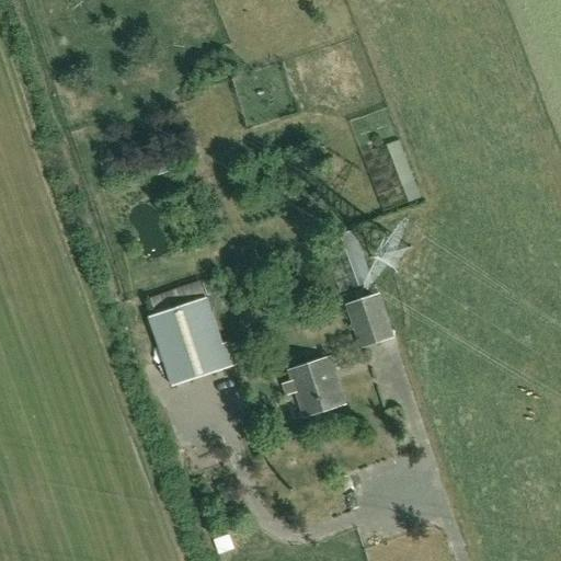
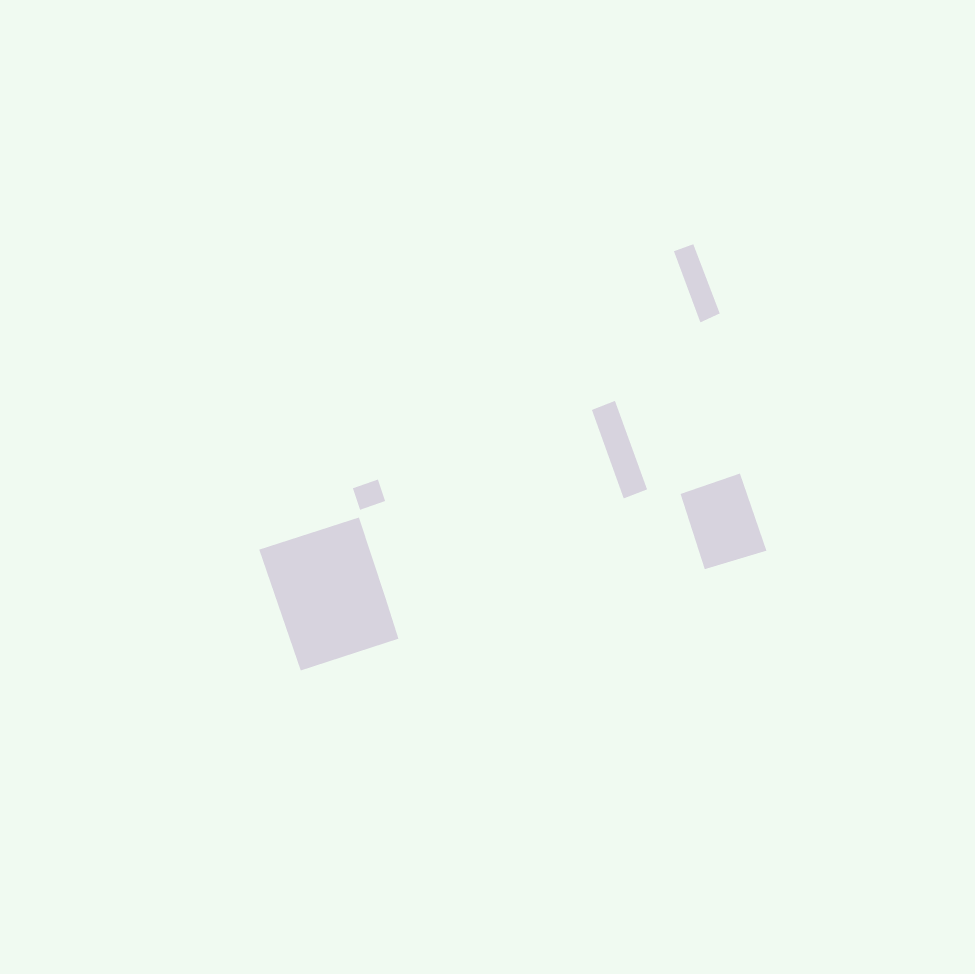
building: [345,291,396,347] -> [679,473,767,570]
building: [289,356,344,415] -> none

